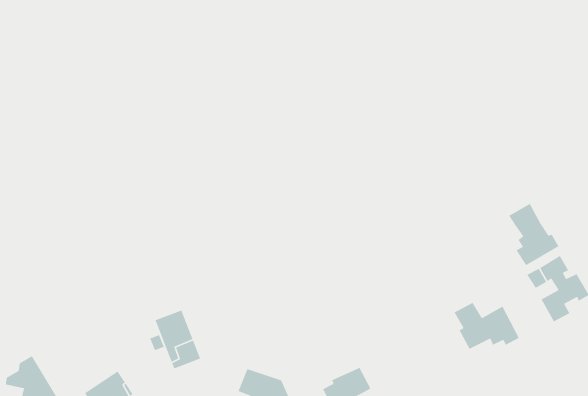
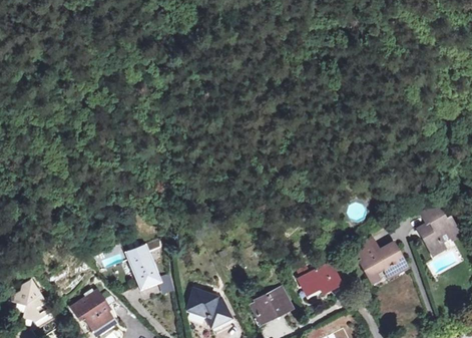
building: [508,203,560,266] -> none
building: none -> [300,262,339,296]

